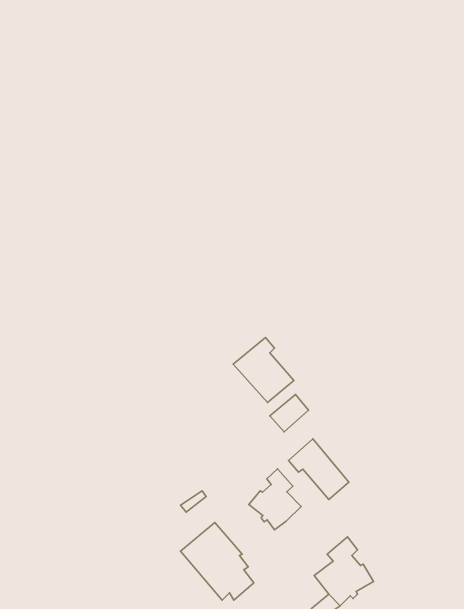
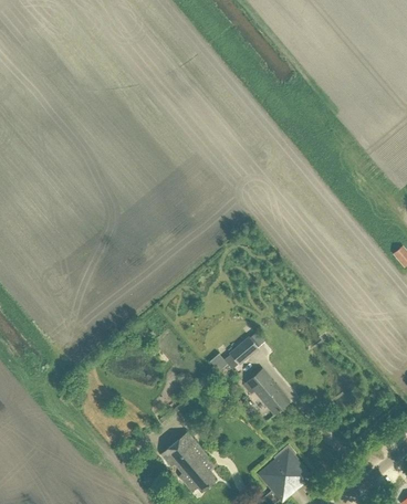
building: [233,337,294,403] -> none
building: [249,469,301,530] -> none

